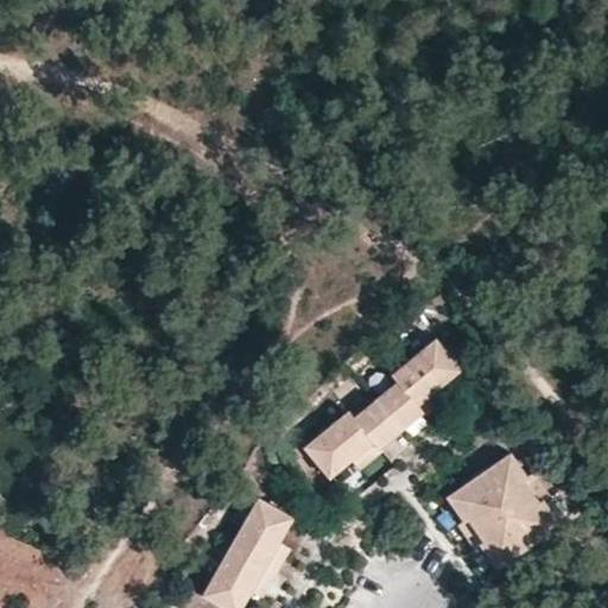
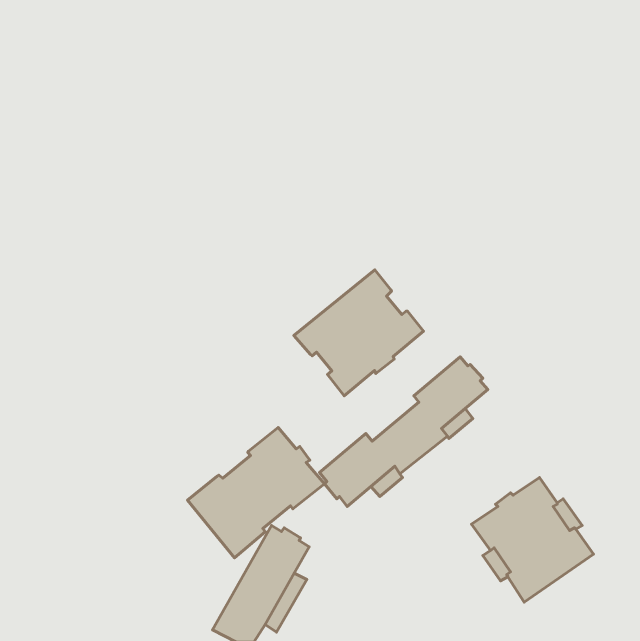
building: none -> [294,270,423,396]
building: none -> [188,427,324,558]

